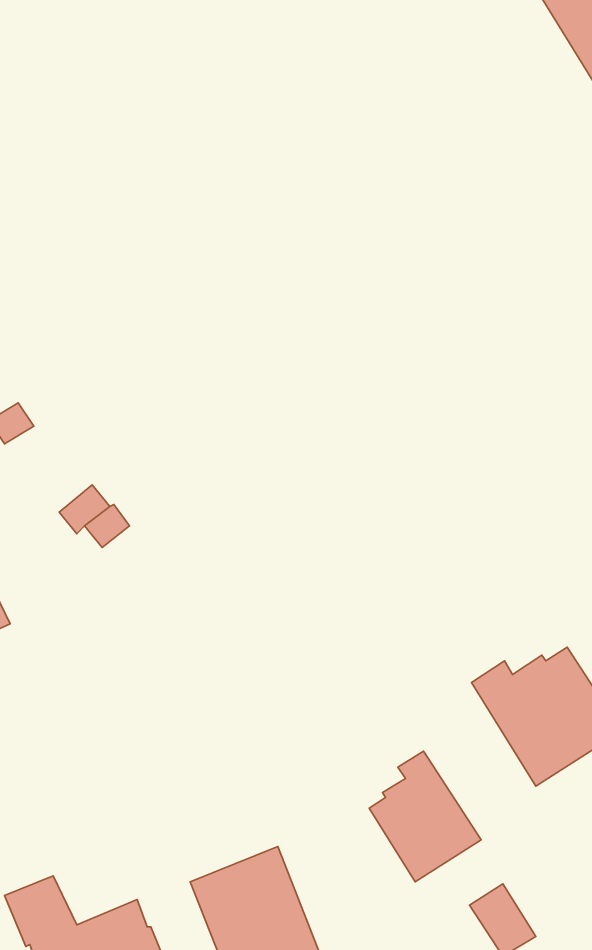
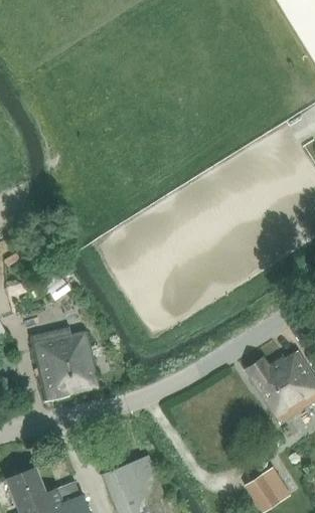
building: none -> [31,327,101,401]
building: [369,751,481,882] -> none

